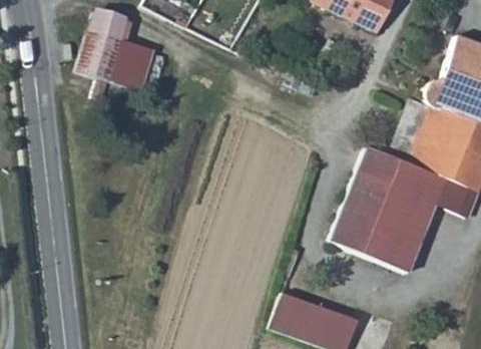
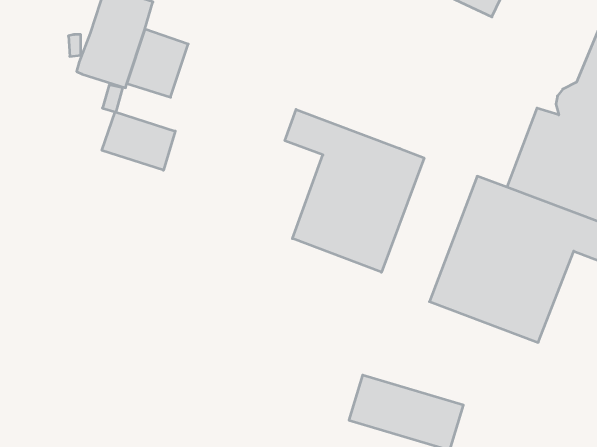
building: none -> [285,109,424,272]
building: none -> [102,112,175,170]

